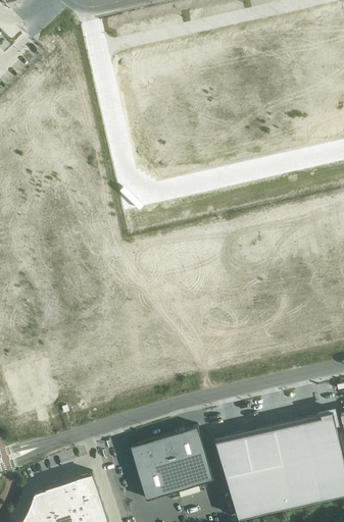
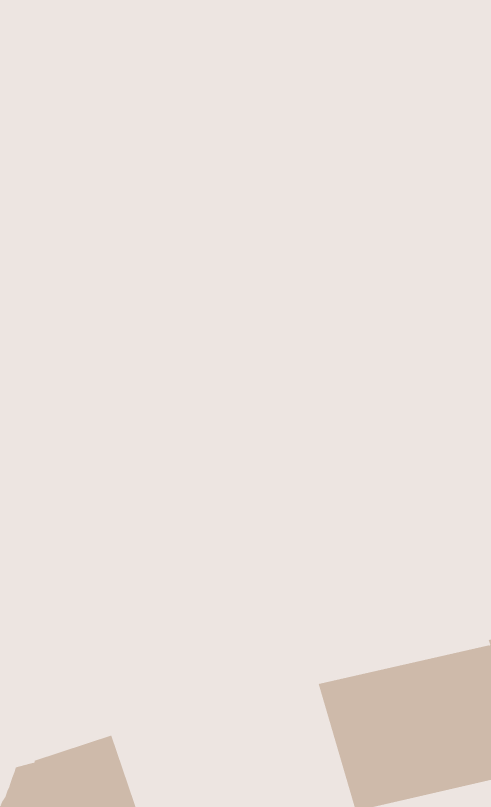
building: [129,425,215,502] -> none

